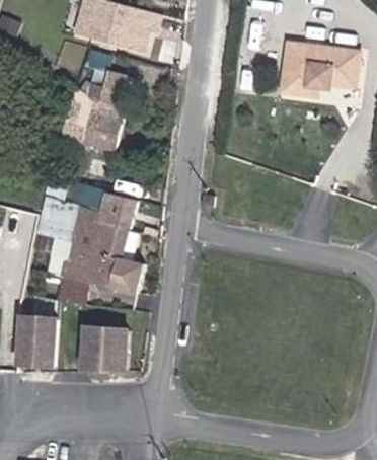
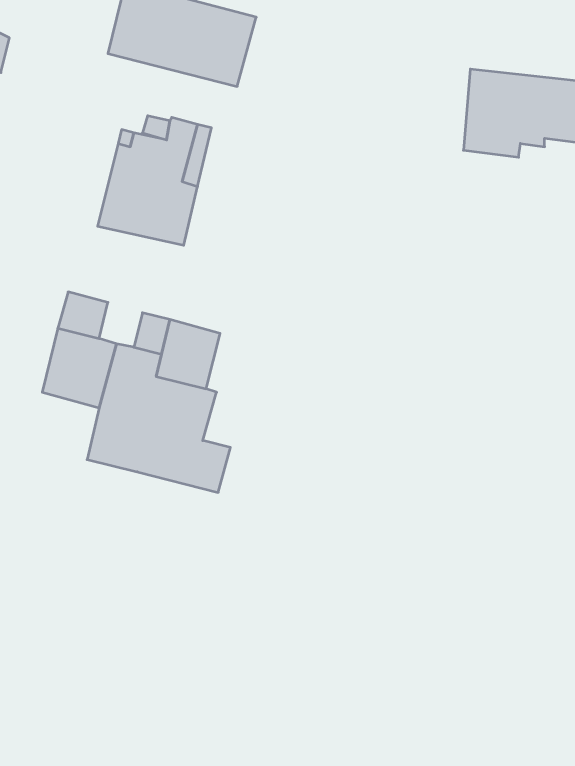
building: [54,273,89,305] -> none
building: [16,316,56,364] -> none
building: [80,327,126,373] -> none

